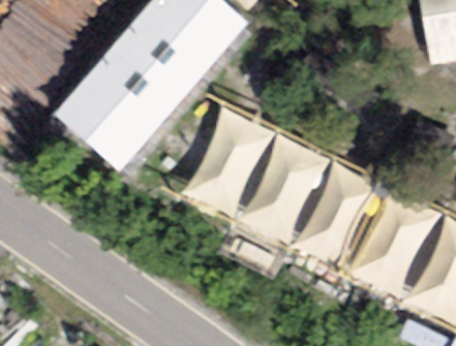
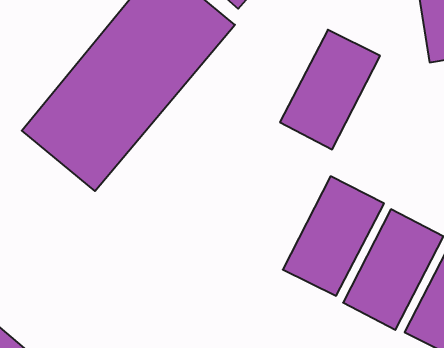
building: [181,107,273,216] -> none
building: [238,136,329,245] -> [280,30,380,149]

